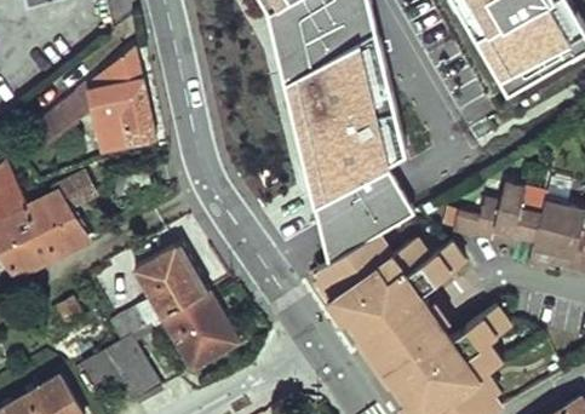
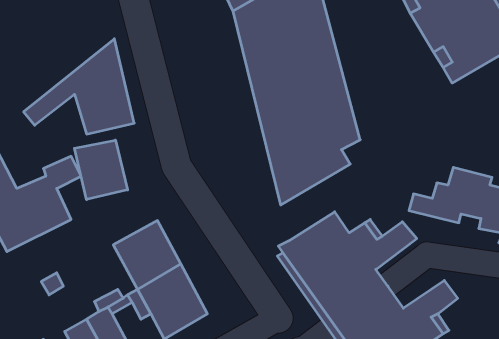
building: none -> [74,140,128,200]
building: [317,180,411,264] -> none

